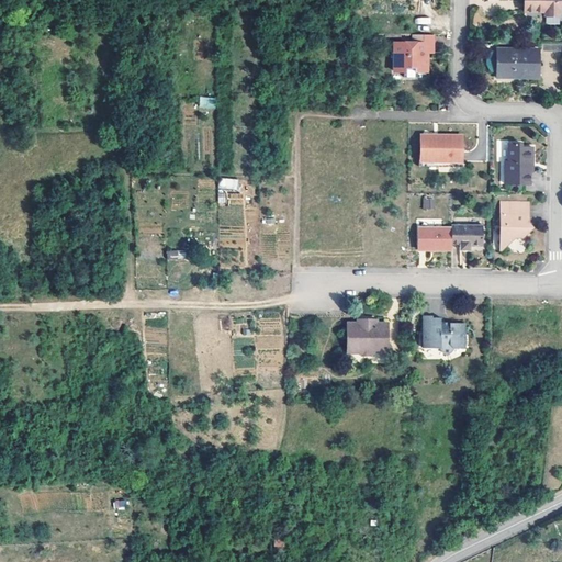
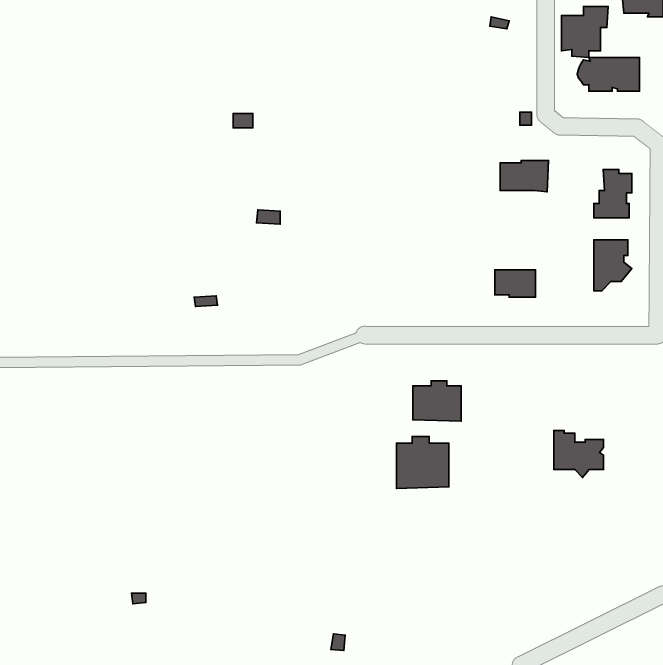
building: [394,34,434,77] -> [561,7,608,57]
building: [451,225,483,248] -> none
building: [424,316,465,356] -> [554,430,603,477]
building: none -> [397,437,449,489]

